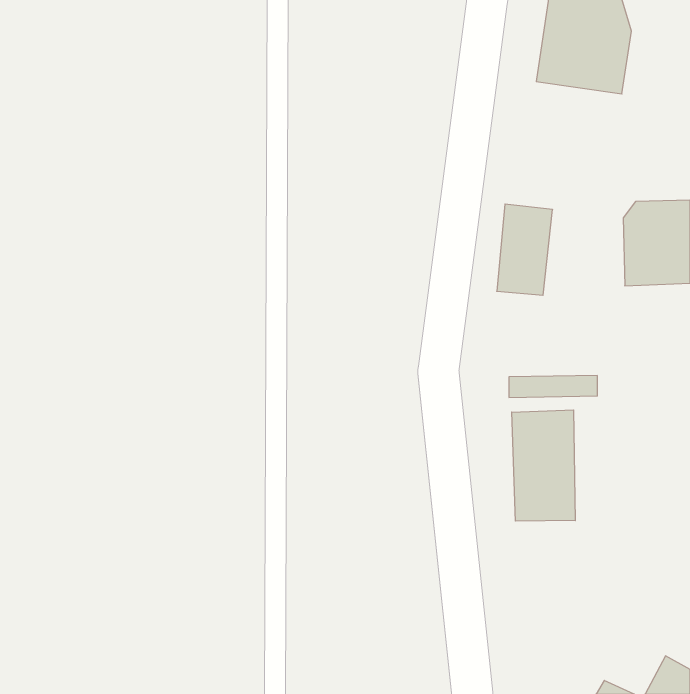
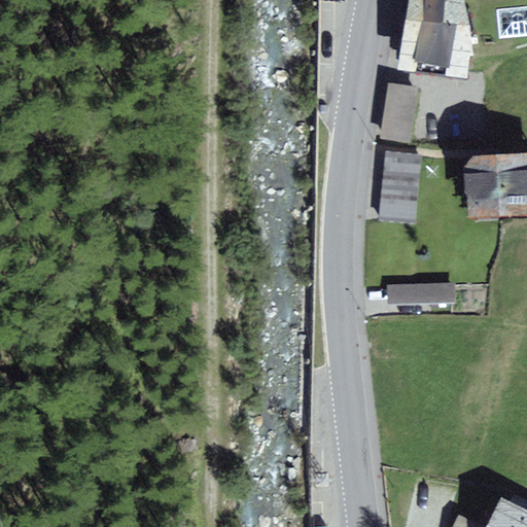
building: none -> [380,84,417,144]
building: [512,410,575,521] -> none

